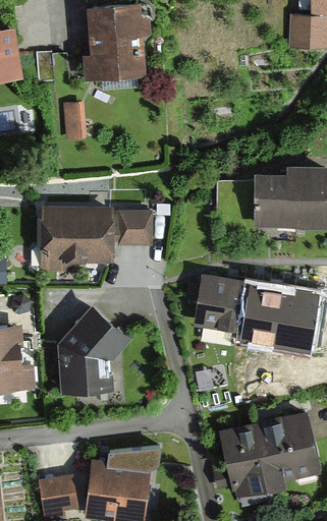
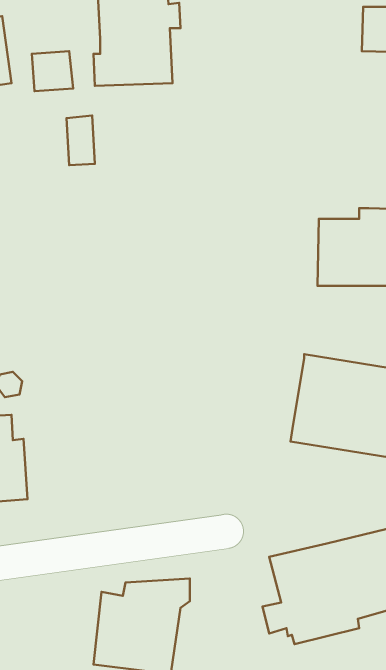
building: [38,206,155,273] -> none
building: [193,276,244,333] -> none
building: [58,307,129,394] -> none
building: [37,474,79,513] -> none

